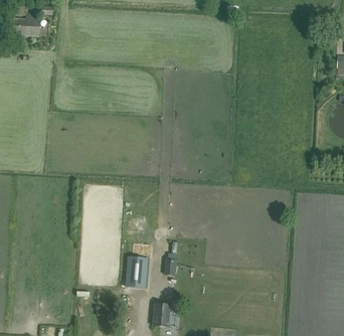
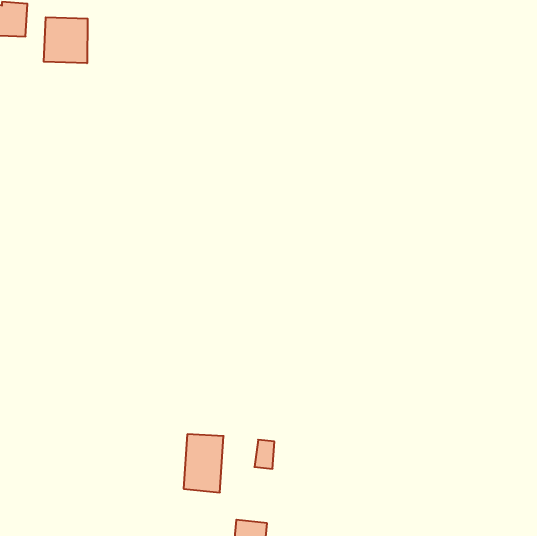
building: none -> [44,17,88,63]

